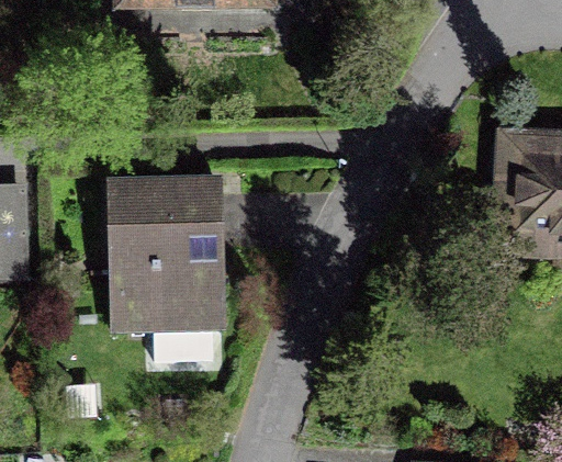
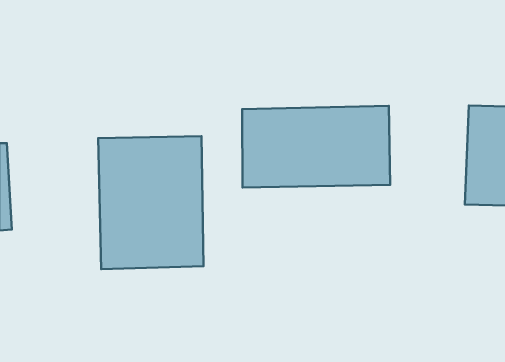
building: none -> [242,106,390,187]

